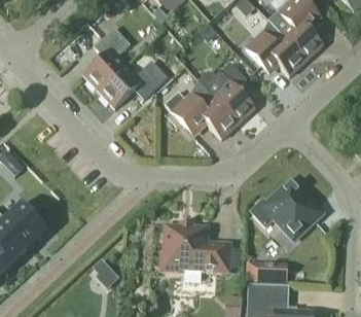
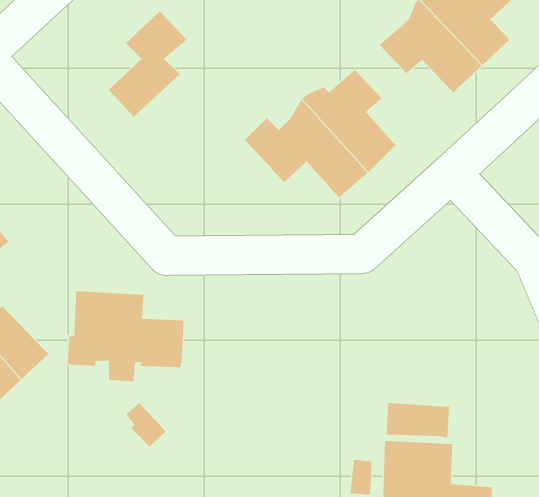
building: [99,60,168,107] -> none
building: [249,178,316,238] -> none
building: [160,224,230,279] -> [67,291,184,382]

